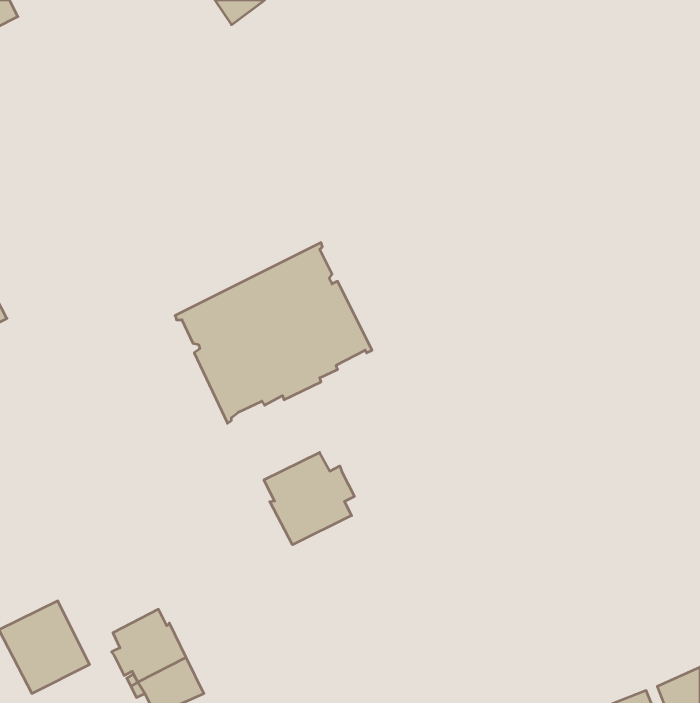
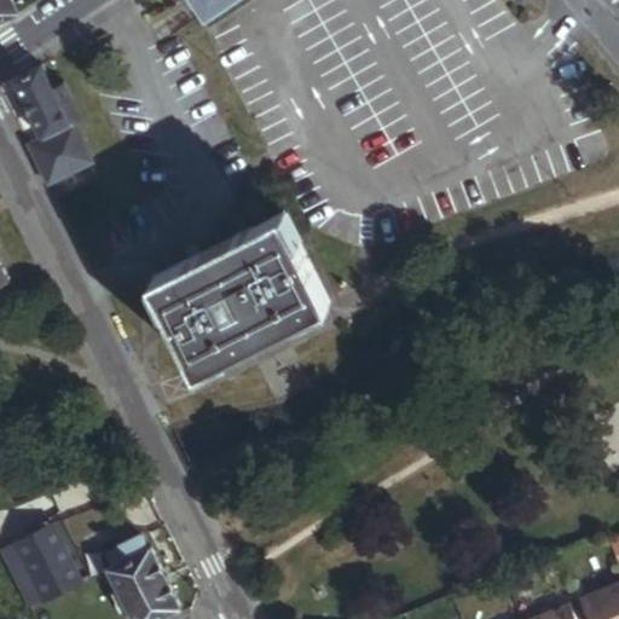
building: none -> [11,68,93,189]
building: [264,452,354,545] -> none

